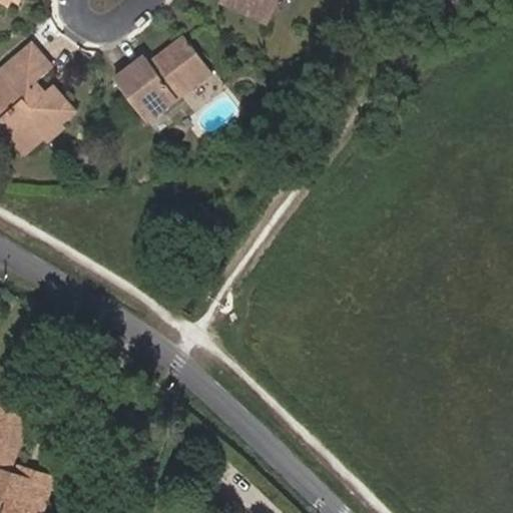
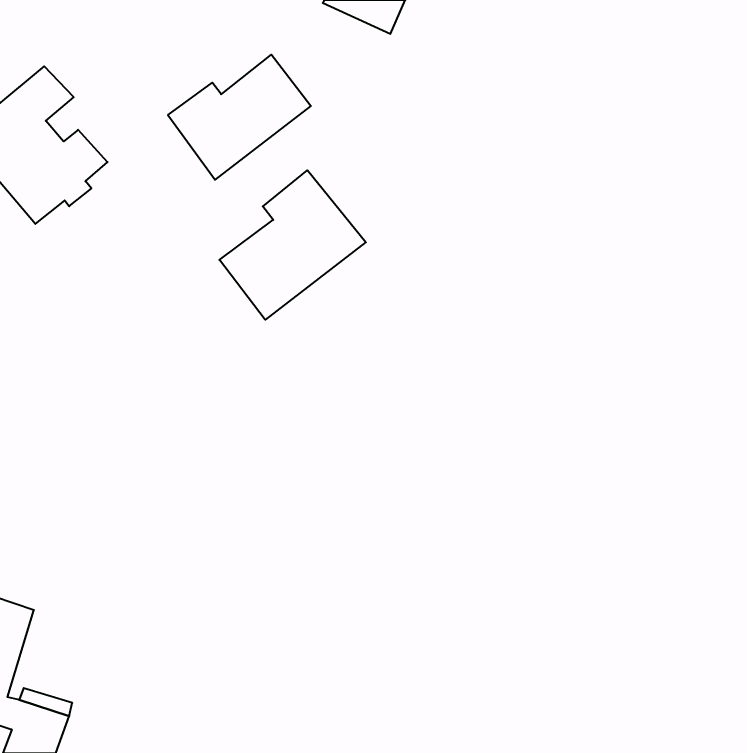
building: none -> [219,170,366,320]

